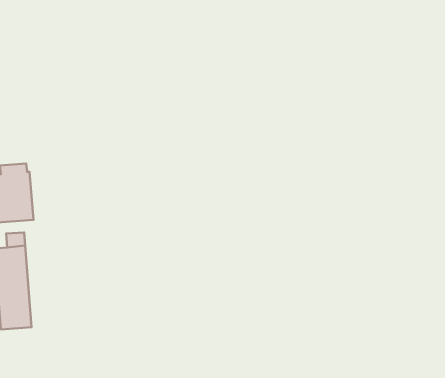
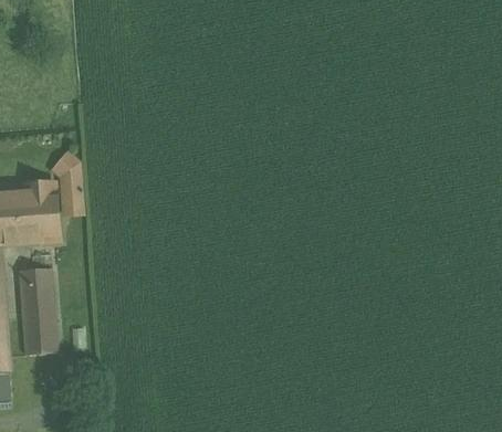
building: none -> [59,172,81,211]

